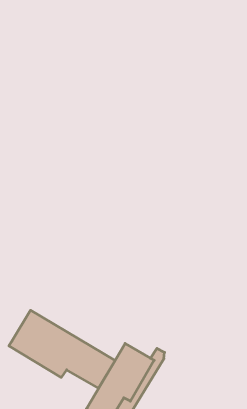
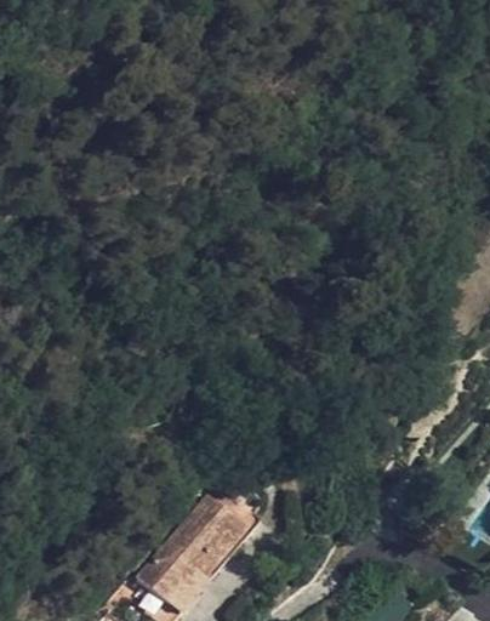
building: [9,310,115,388] -> none

